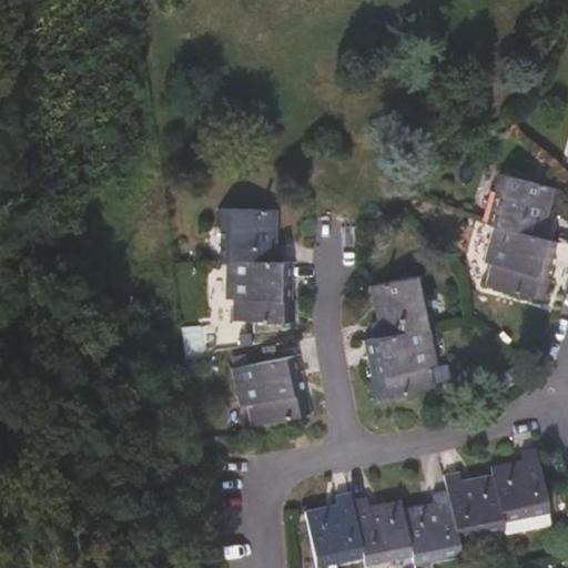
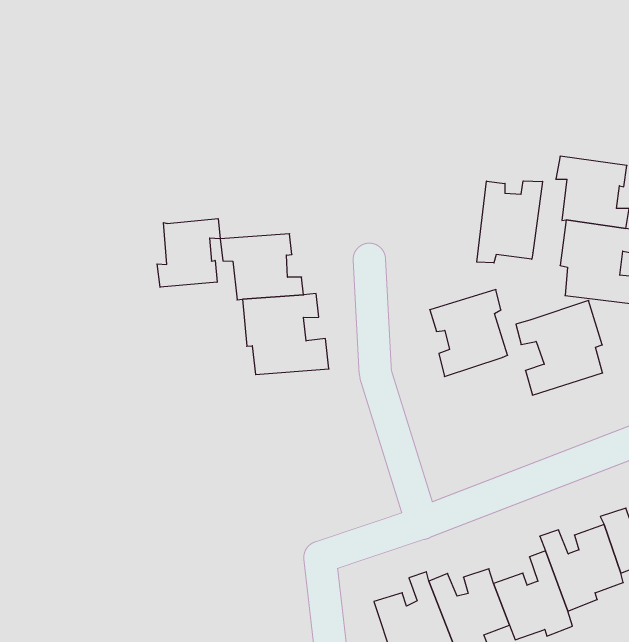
building: none -> [477,181,543,263]
building: none -> [157,219,220,287]
building: [371,329,437,399] -> [516,300,603,395]
building: [234,358,308,426] -> none

